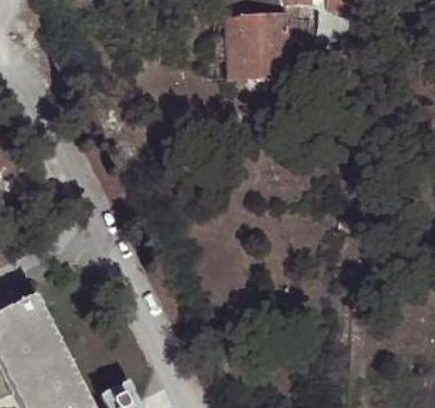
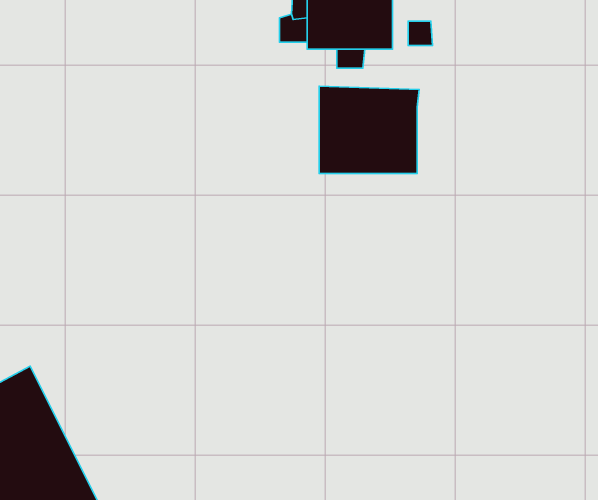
building: none -> [319,86,419,173]

